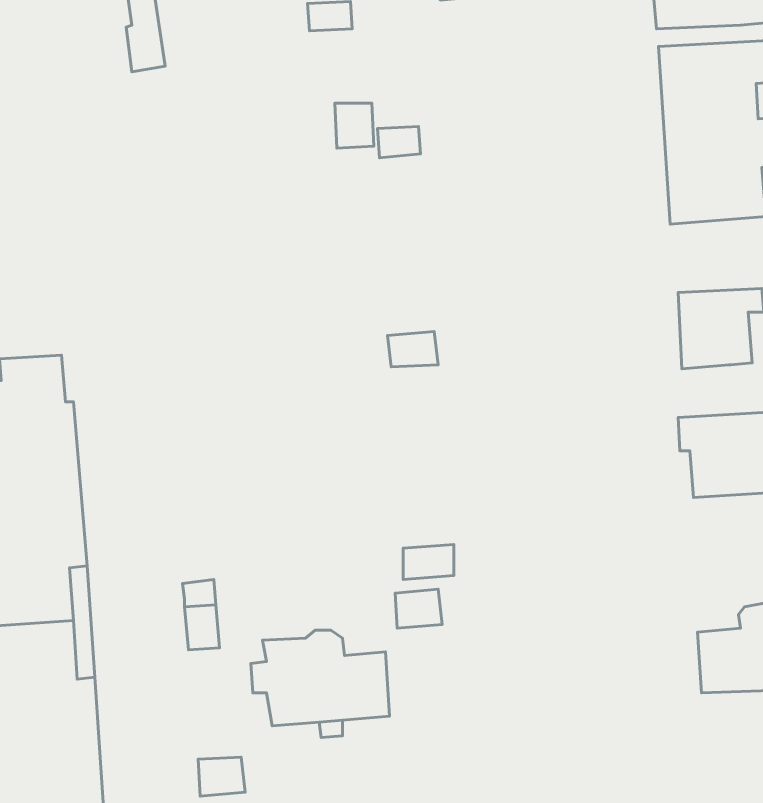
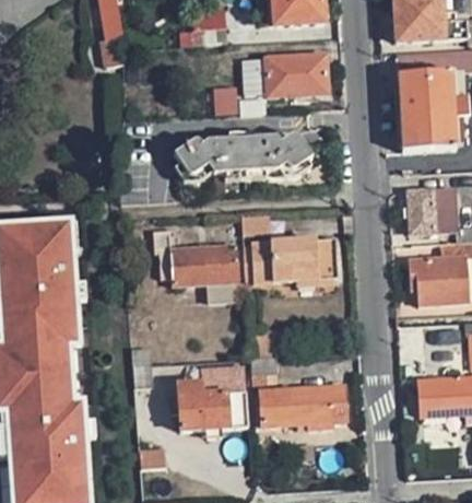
building: none -> [243,51,328,95]
building: none -> [173,134,302,177]
building: none -> [150,227,236,301]
building: none -> [243,239,337,281]
building: none -> [260,384,346,425]

